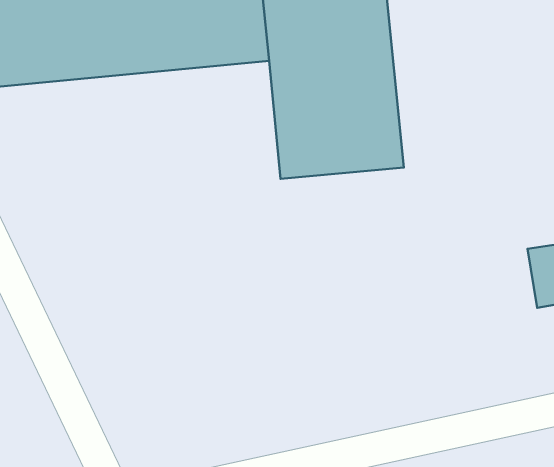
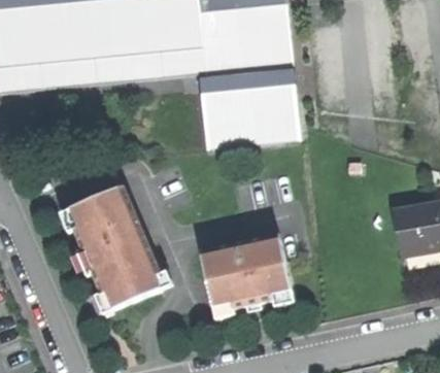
building: none -> [69,184,159,308]
building: none -> [199,233,289,308]

